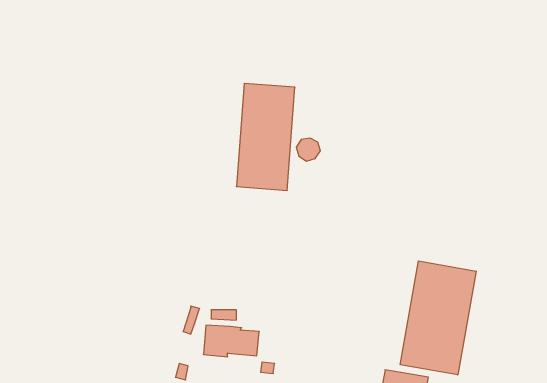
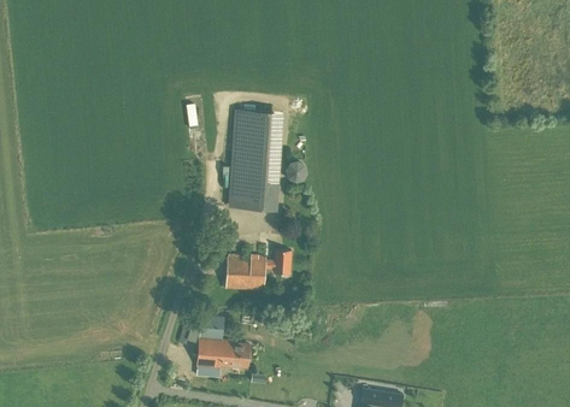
building: none -> [224,249,290,290]
building: [400,261,476,375] -> none

